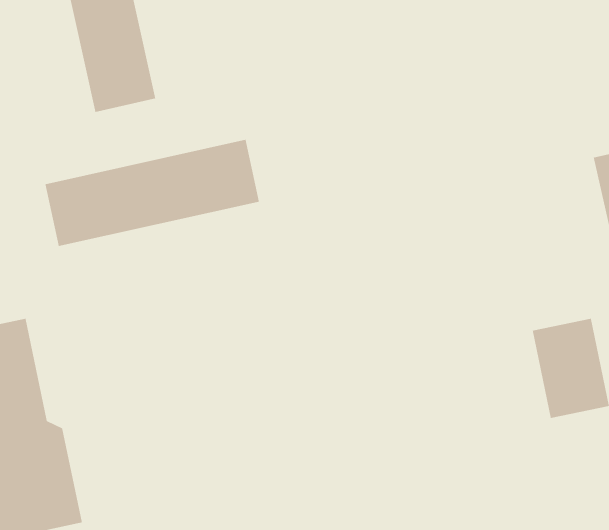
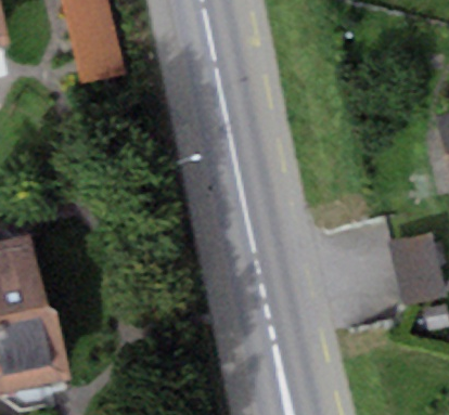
building: [44,139,260,247] -> none

